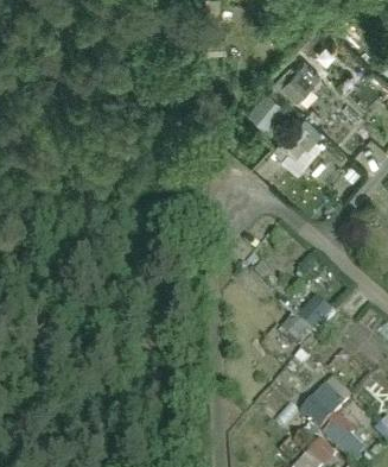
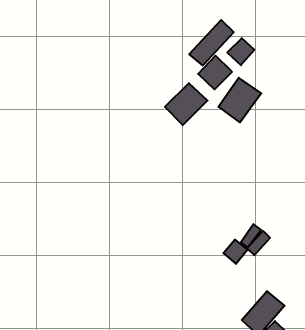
building: none -> [189,20,234,65]
building: none -> [165,83,208,125]

